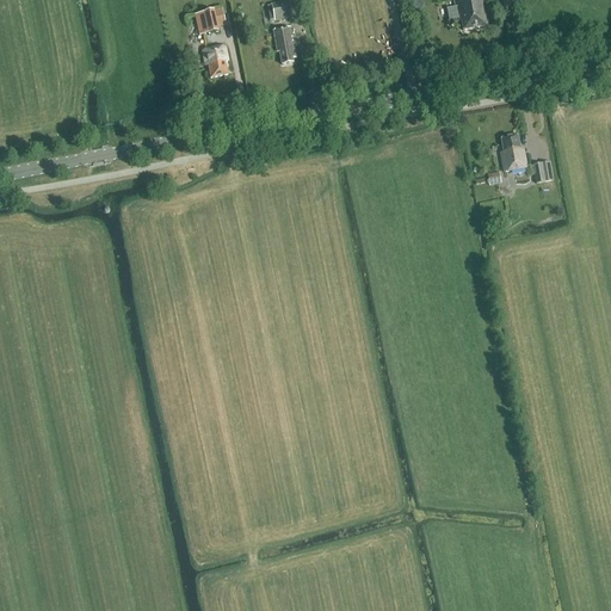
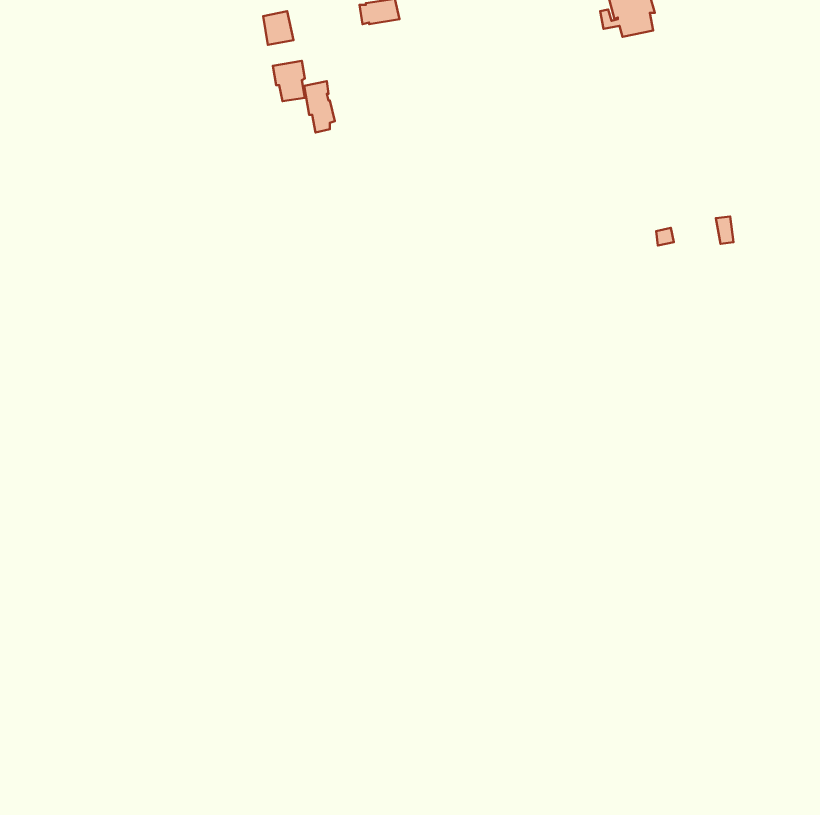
building: [273,25,296,63] -> [304,81,335,132]
building: [499,134,527,171] -> none

